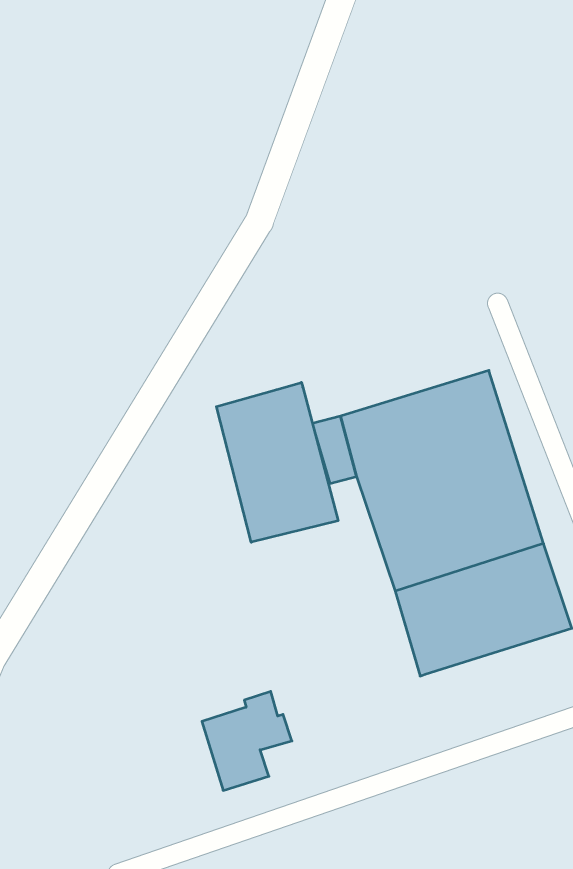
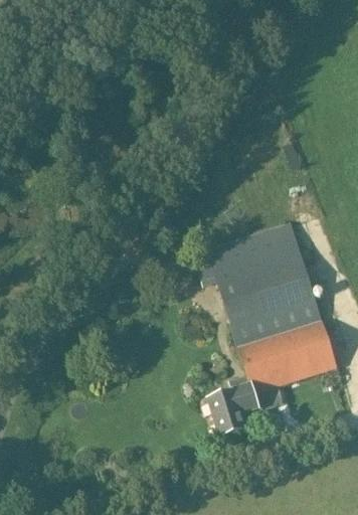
building: [216,382,338,542] -> none
building: [202,691,292,790] -> [208,380,259,437]

